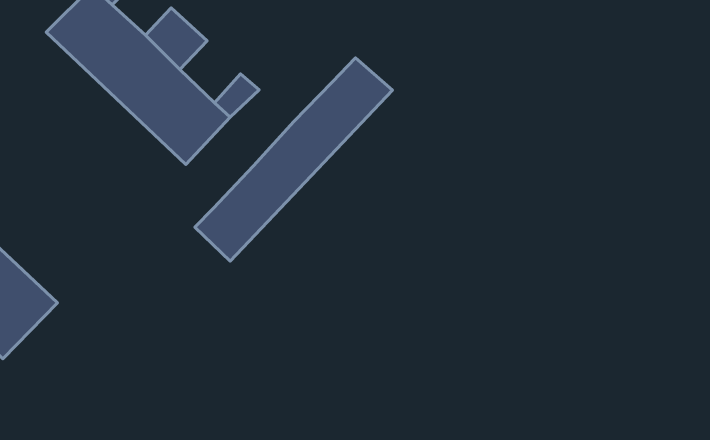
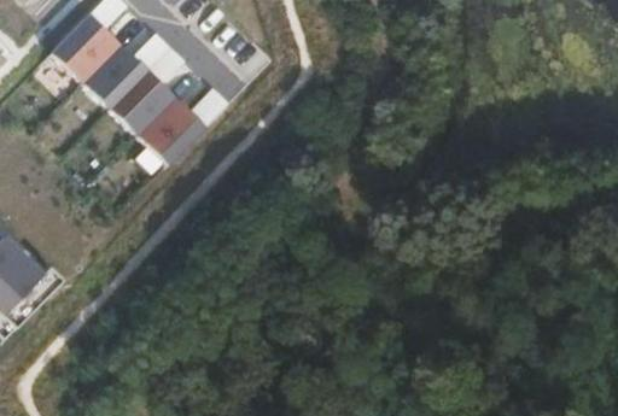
building: [195,58,392,261] -> none

